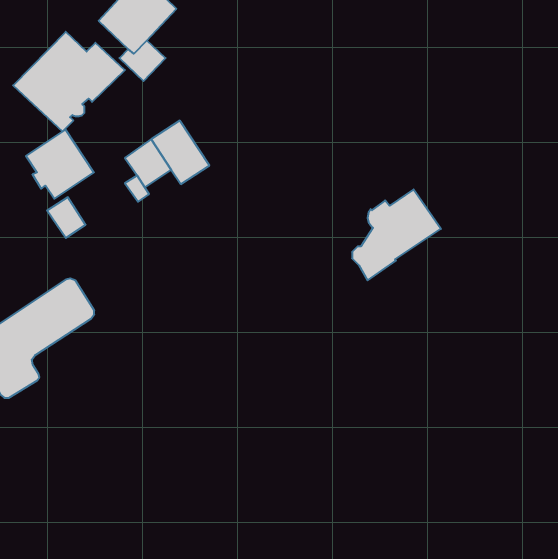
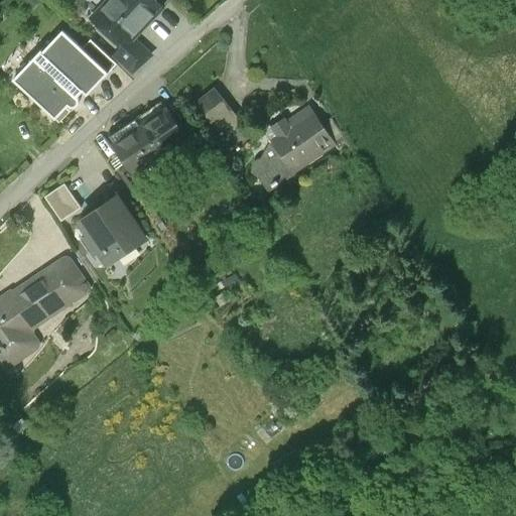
building: none -> [195,87,240,135]
building: [26,130,94,199] -> [81,196,143,259]
building: [352,189,441,280] -> [252,107,334,190]

